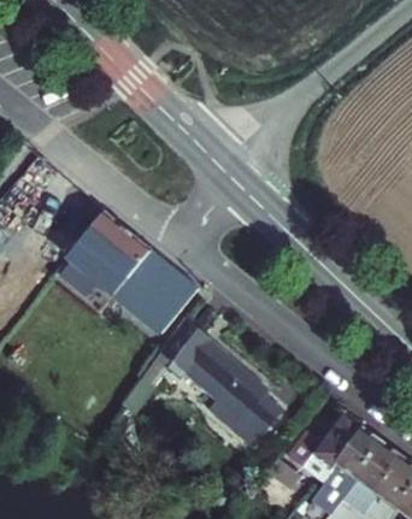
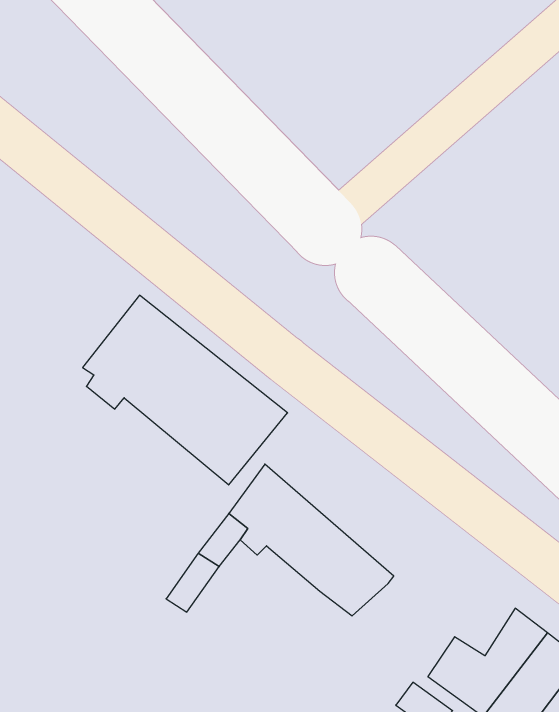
building: [211,396,281,446] -> none

